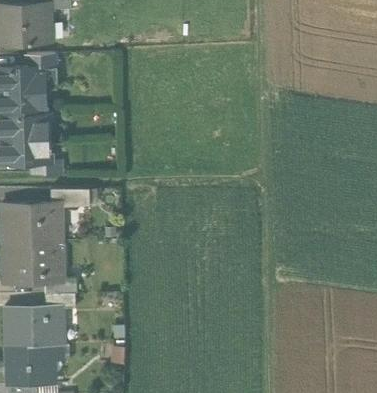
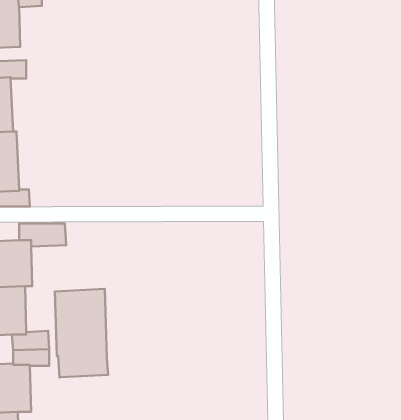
building: none -> [55,289,108,377]

